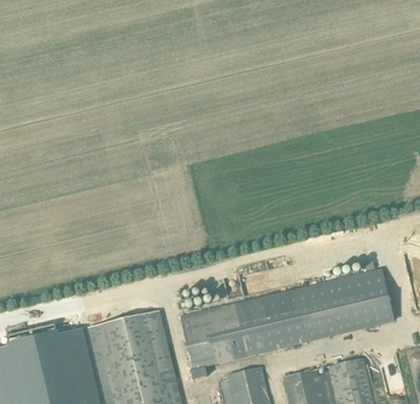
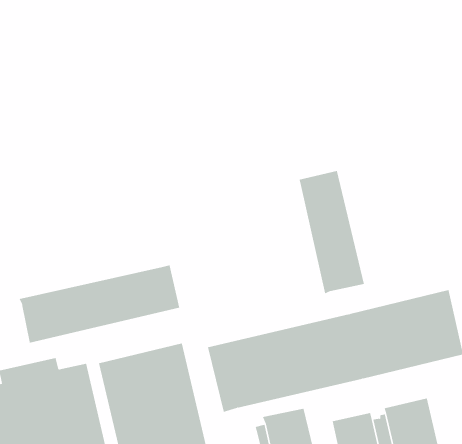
building: none -> [299,170,365,294]
building: none -> [19,264,180,344]

